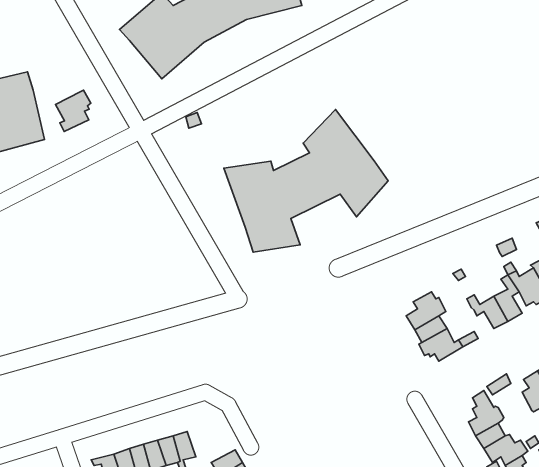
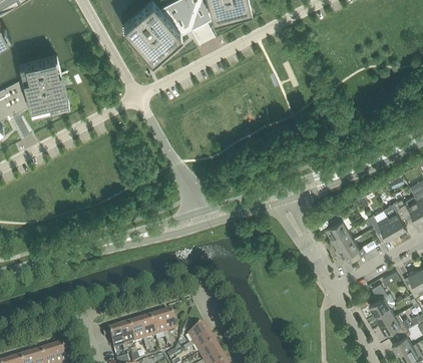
building: [55,90,91,132] -> none
building: [224,110,388,252] -> none

